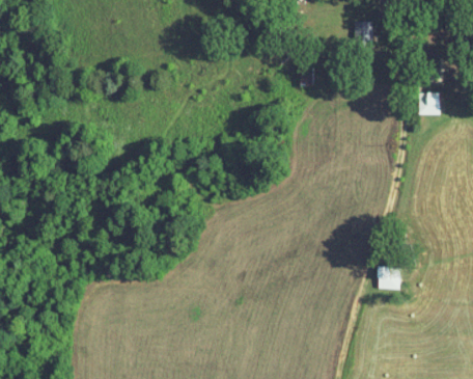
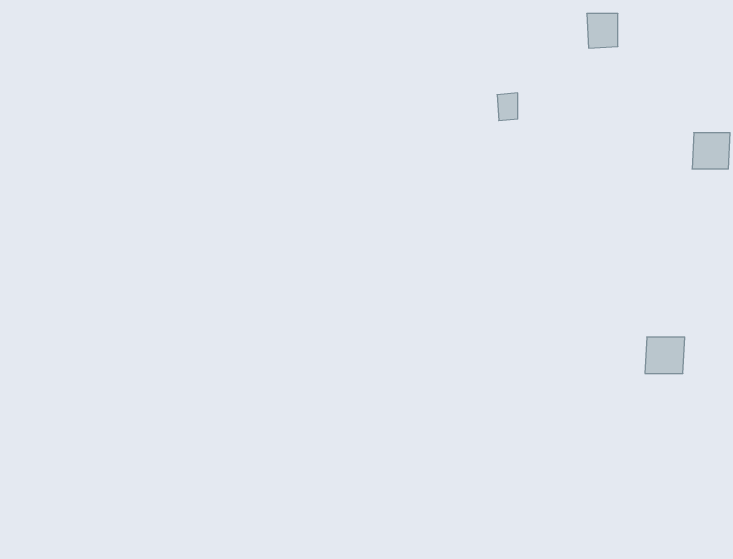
building: [377,267,400,289] -> [645,337,685,373]

